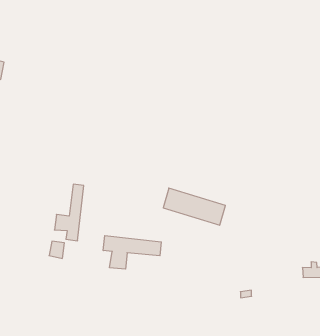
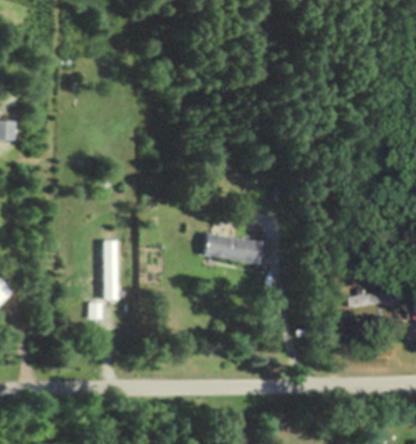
building: [103,236,161,269] -> none

